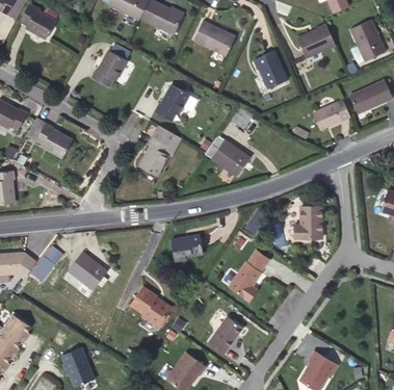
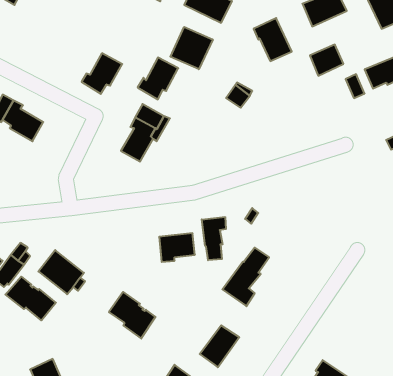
building: [91,51,127,86] -> [82,53,122,94]
building: none -> [170,27,213,69]
building: [313,103,342,130] -> [310,45,343,76]
building: [205,134,251,176] -> none
building: [296,207,322,239] -> none
building: none -> [202,217,226,260]
building: none -> [5,277,56,320]

